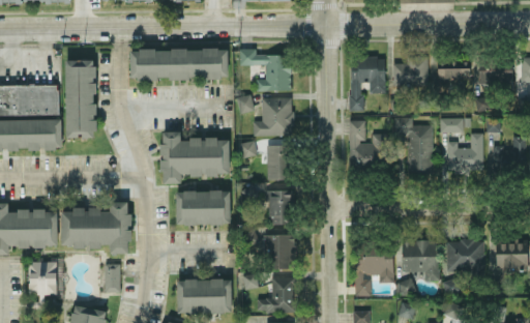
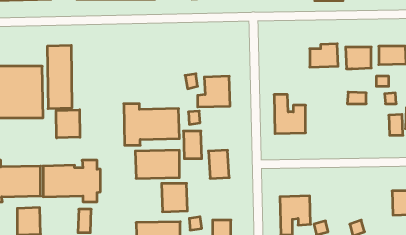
building: [129,49,228,79] -> none
building: [239,49,290,90] -> none
building: [349,57,385,110] -> none
building: [394,117,433,174] -> none
building: [446,133,482,172] -> none
building: none -> [56,110,80,138]
building: [266,145,289,179] -> [183,131,202,159]
building: [264,234,296,269] -> [162,183,187,212]
building: [446,238,483,270] -> none
building: [402,240,437,281] -> none

